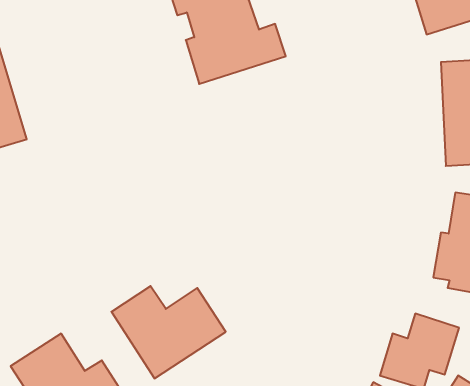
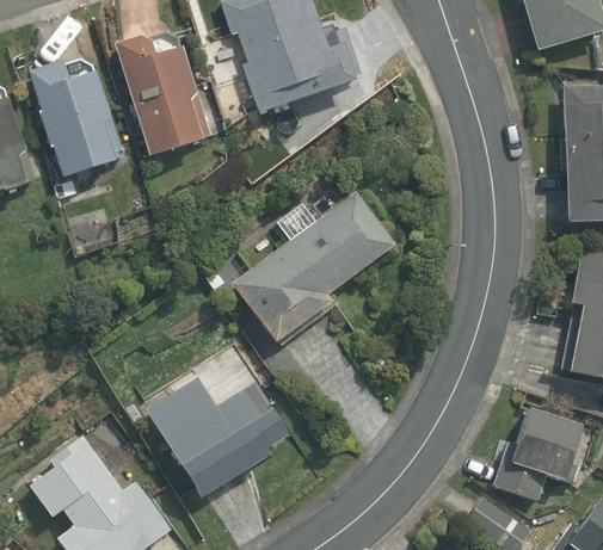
building: none -> [115,33,213,162]
building: none -> [32,56,127,180]
building: none -> [230,187,398,345]

